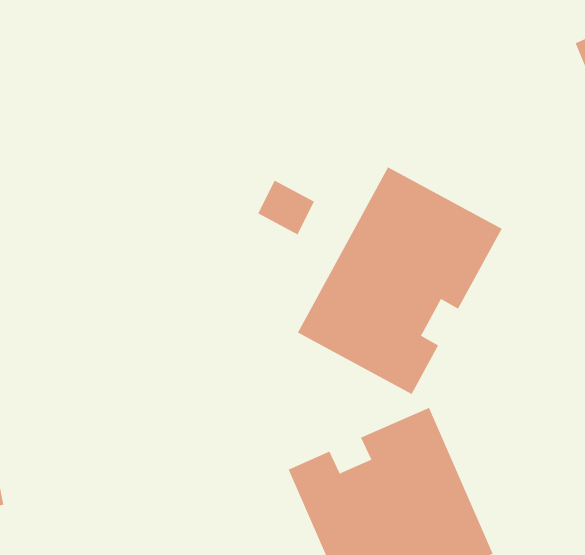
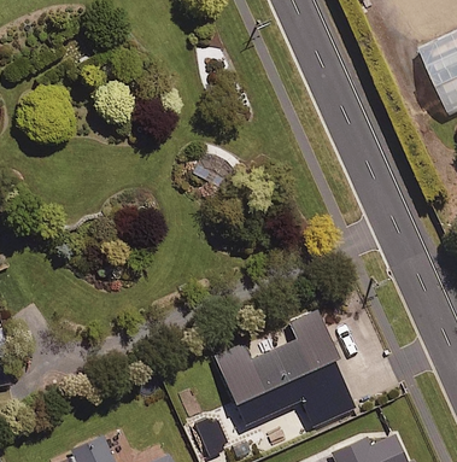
building: [297,167,502,395] -> none

